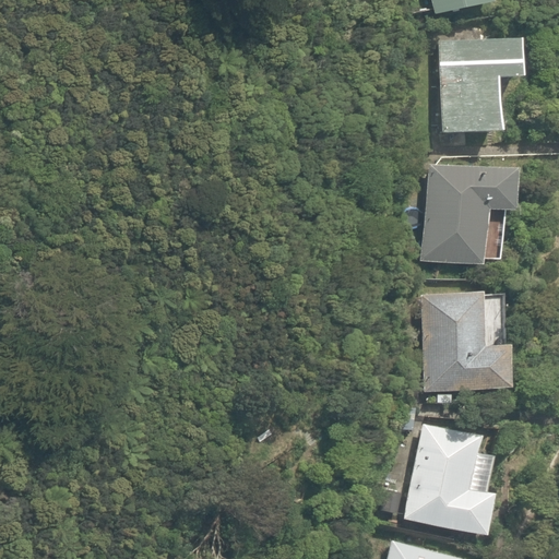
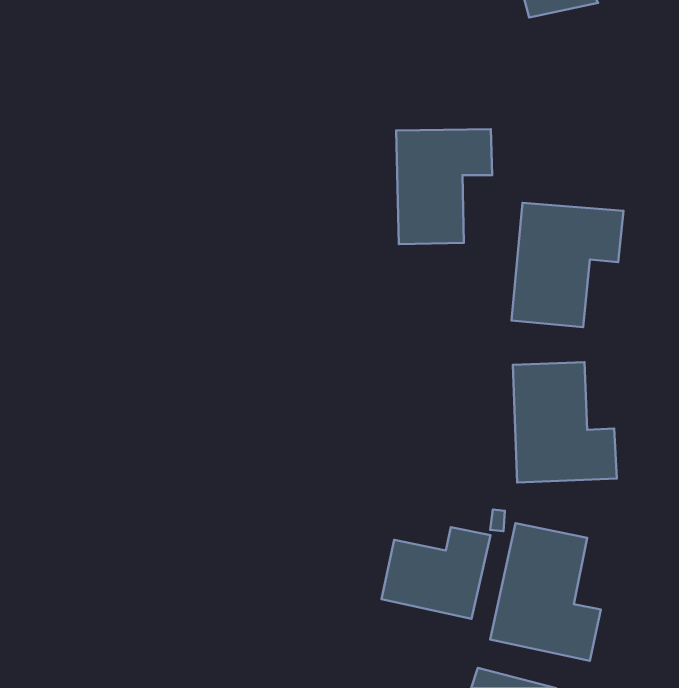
building: [441,39,519,132] -> [396,129,492,244]
building: none -> [382,527,490,619]

